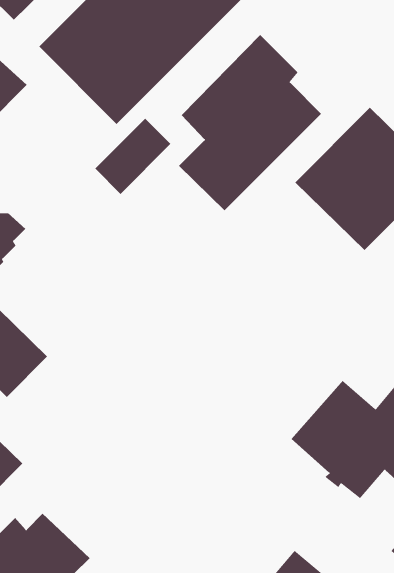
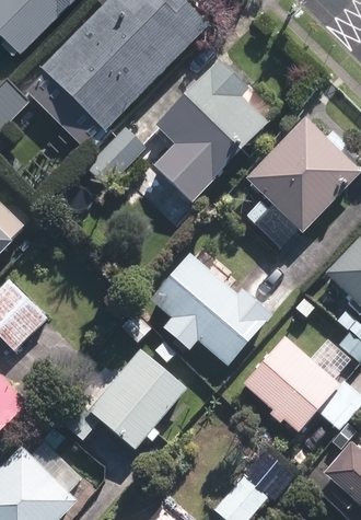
building: none -> [149,254,291,367]
building: none -> [88,348,187,450]

